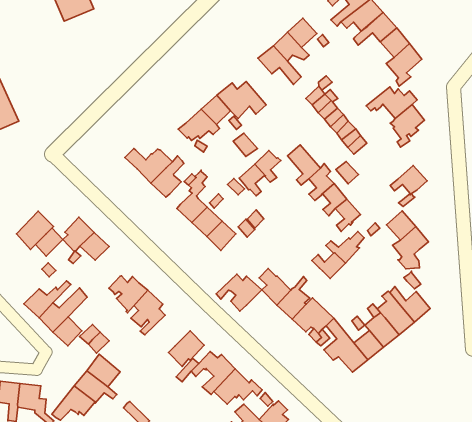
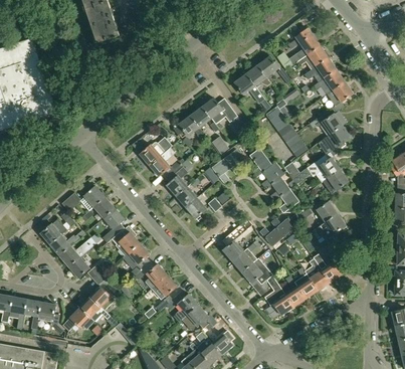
building: none -> [307,154,340,182]
building: [16,211,53,249] -> [40,217,67,244]
building: none -> [102,208,124,242]
building: [216,274,262,311] -> [135,261,168,289]

